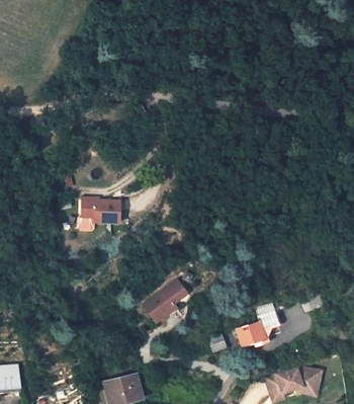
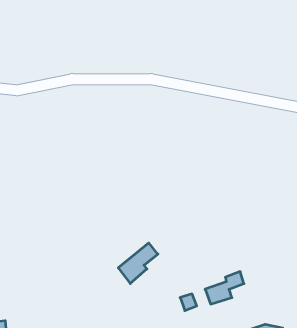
building: [85,199,122,224] -> none

